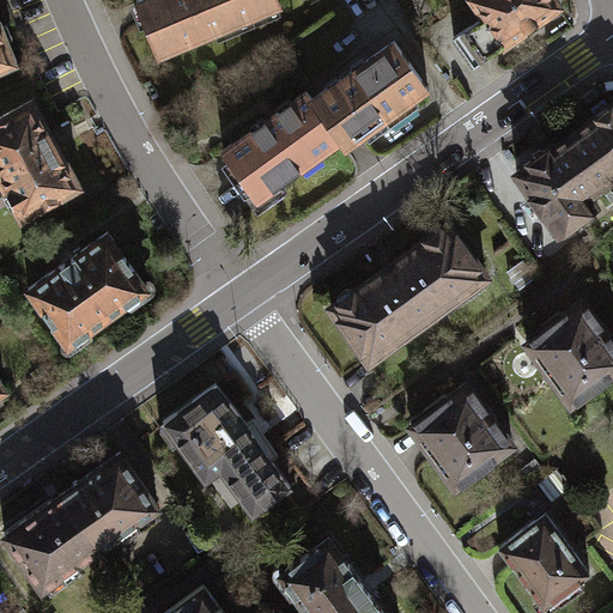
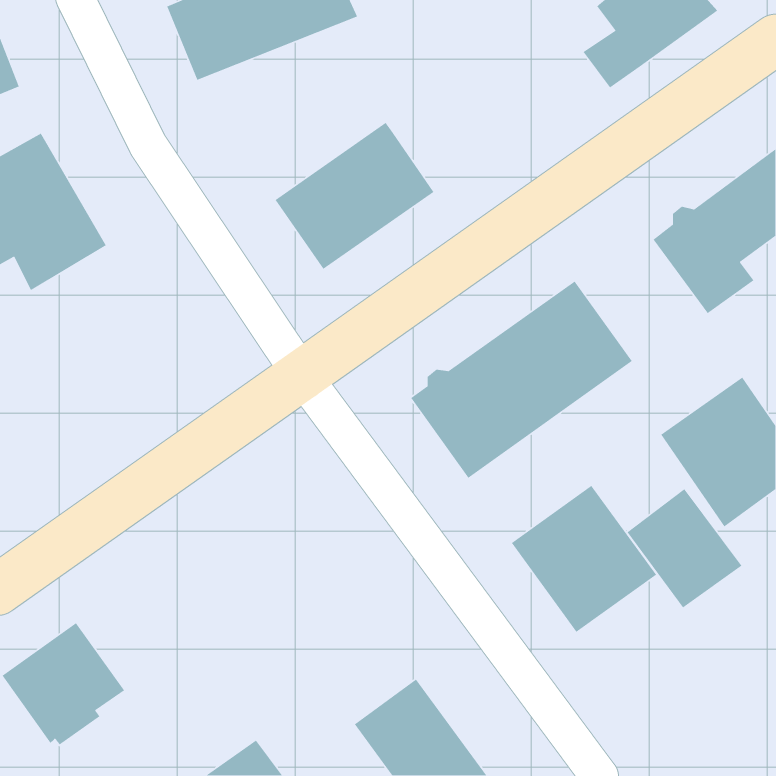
building: [309,47,427,156] -> none
building: [32,241,153,356] -> none
building: [160,377,290,508] -> none
building: [60,448,156,542] -> none
building: [497,509,588,603] -> [627,488,742,608]

